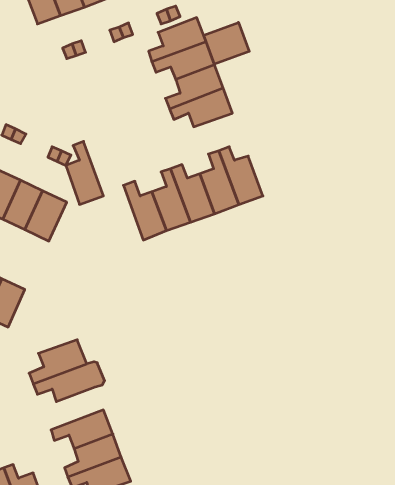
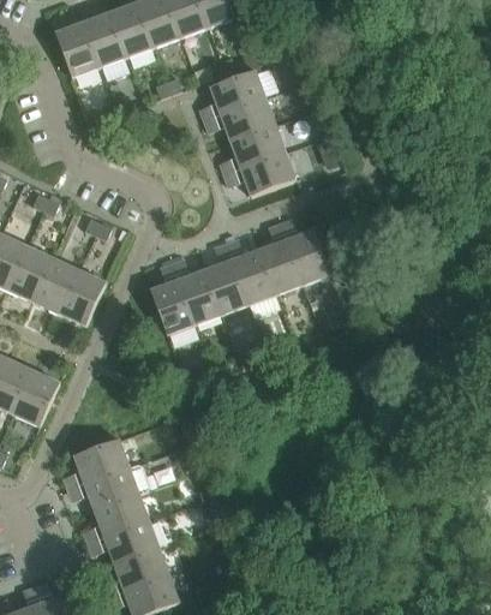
building: [204,22,249,64] -> none
building: [66,141,103,204] -> [150,262,193,334]
building: none -> [83,492,148,542]

